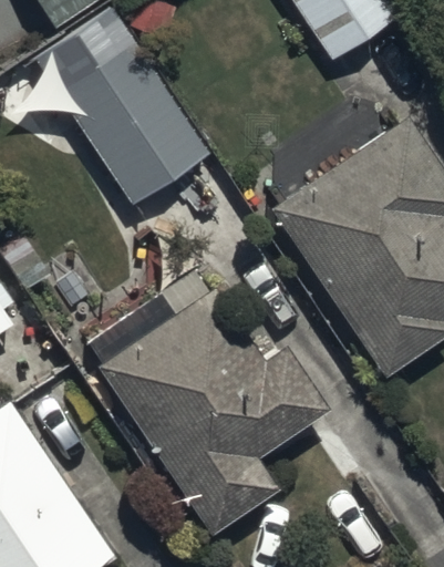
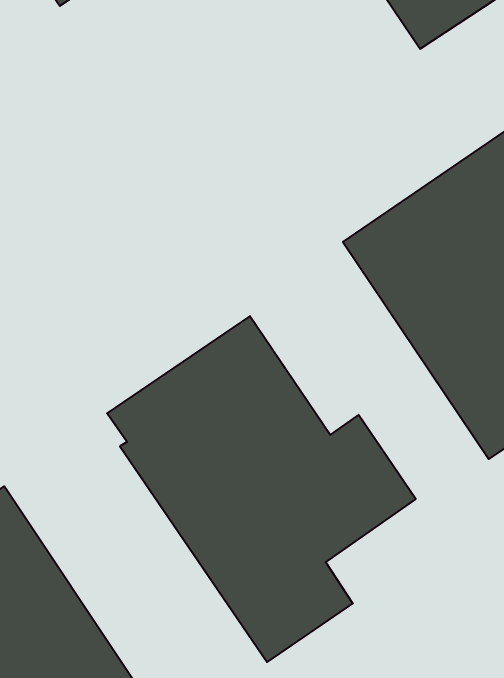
building: [20,41,208,208] -> none

